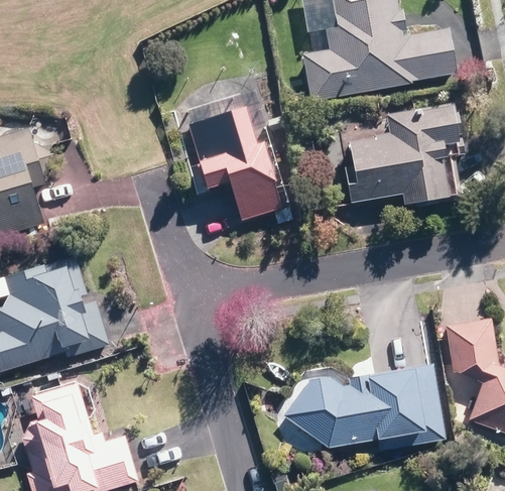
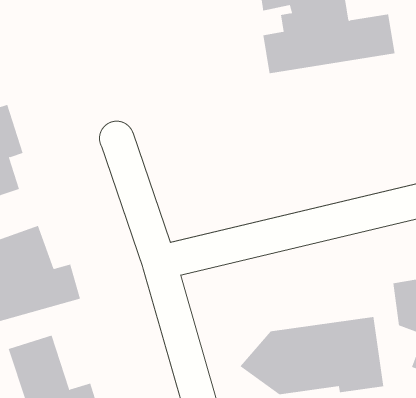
building: [345,103,460,205] -> none
building: [190,107,283,223] -> none

